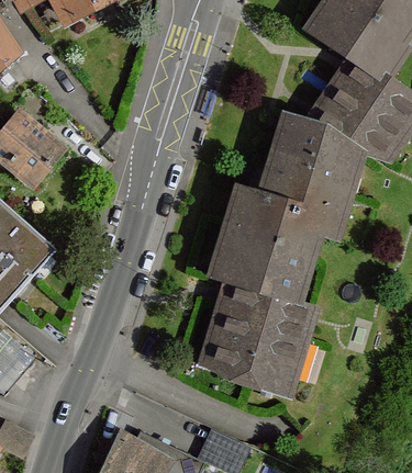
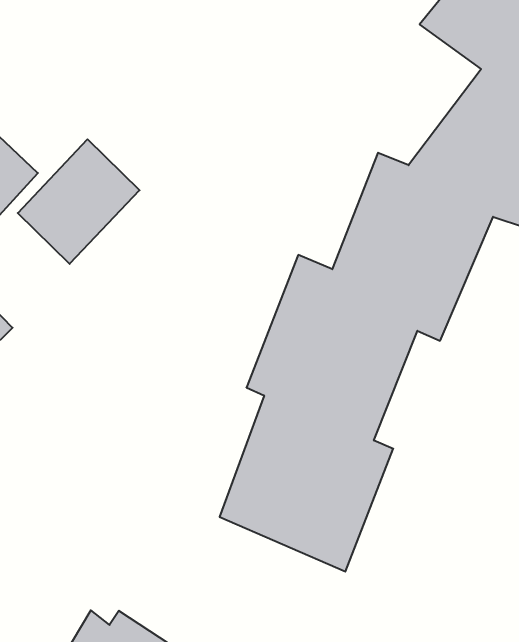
building: none -> [18,139,140,264]

